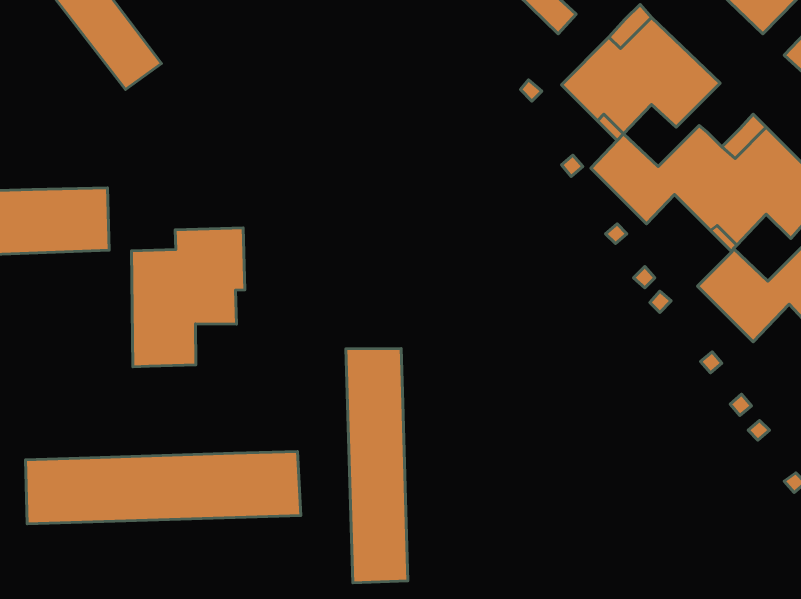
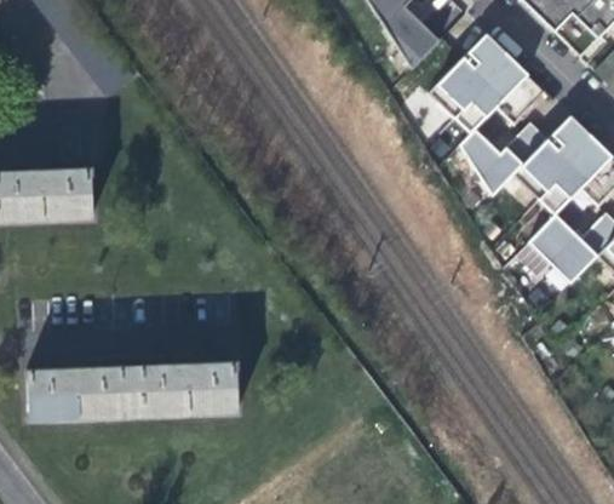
building: [132,228,245,367] -> none
building: [346,348,408,583] -> none

